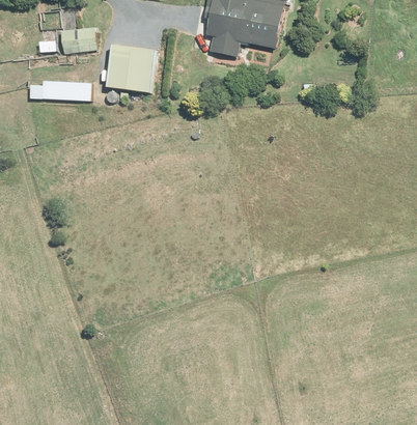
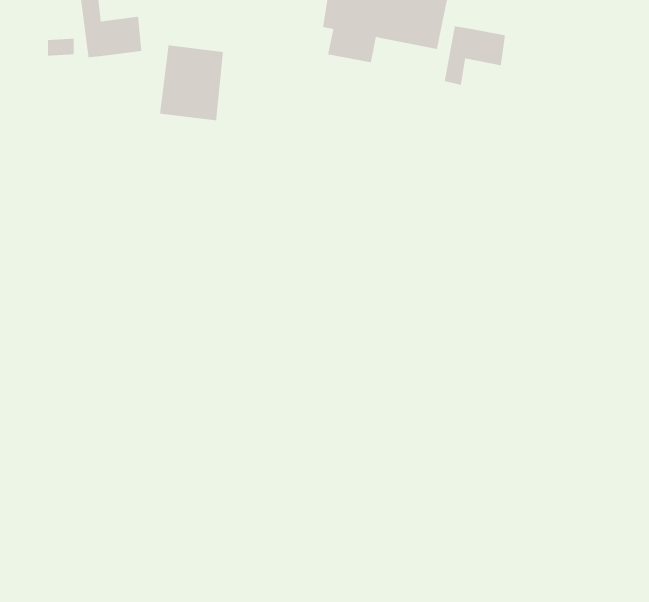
building: none -> [444,25,506,86]
building: [29,81,90,101] -> none

